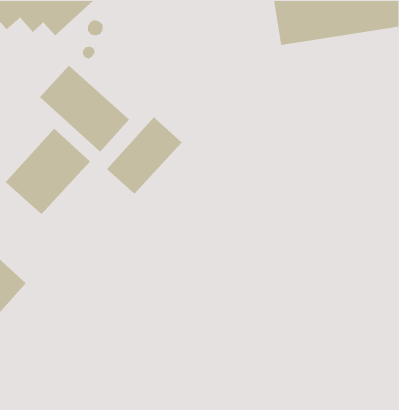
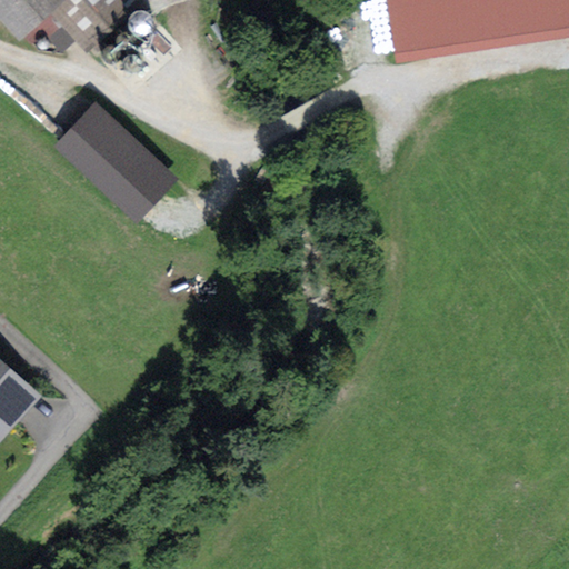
building: [106,116,182,195] -> none
building: [5,128,91,215] -> none

